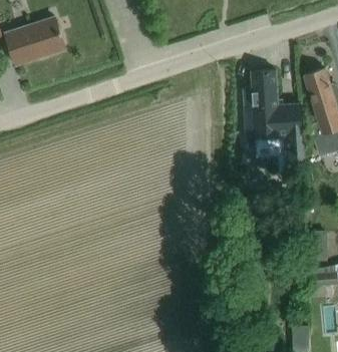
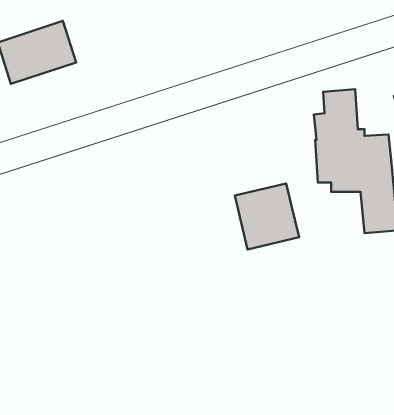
building: none -> [235,183,299,249]

